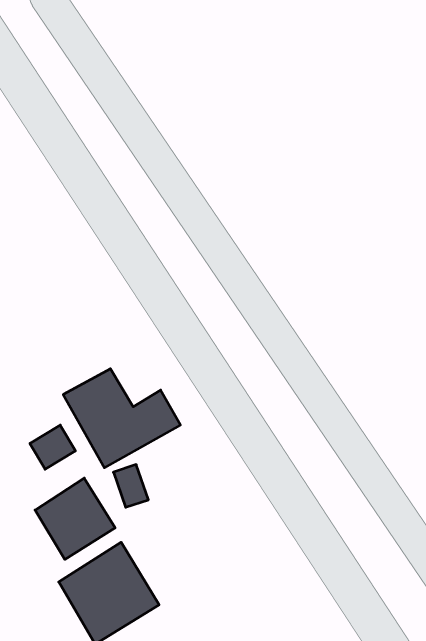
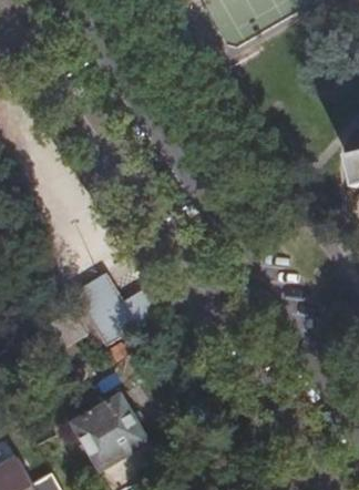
building: [35,478,115,559] -> none

